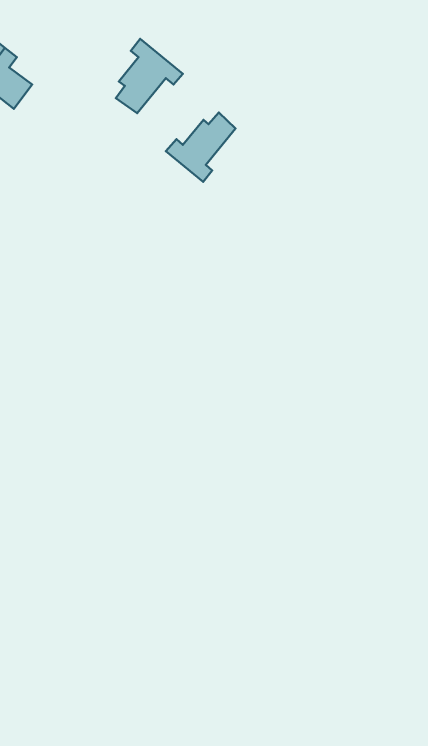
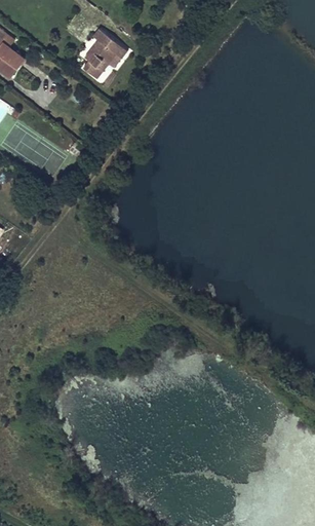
building: [166,112,236,182] -> none

